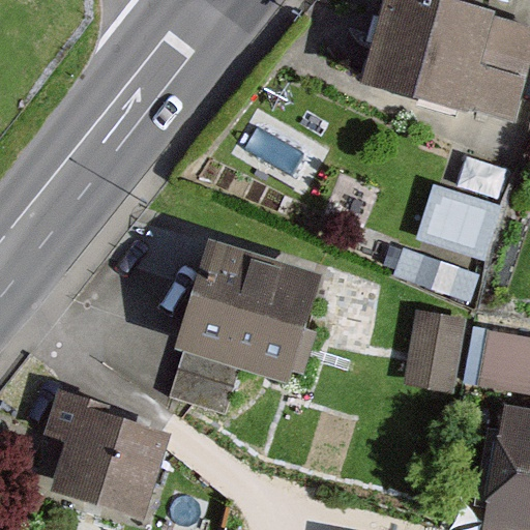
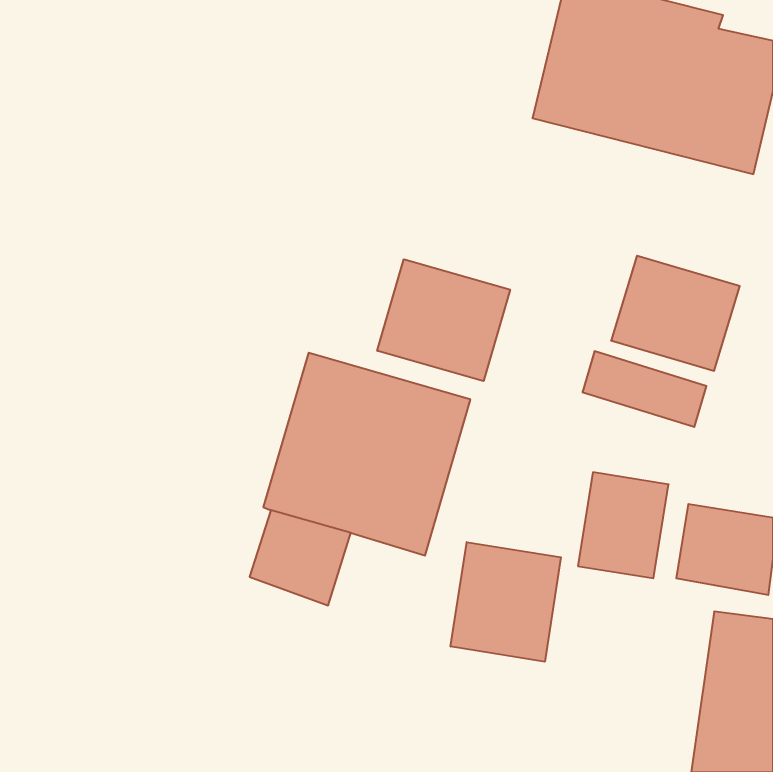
building: none -> [377,259,510,381]
building: none -> [451,542,561,662]
building: [48,389,164,519] -> none

